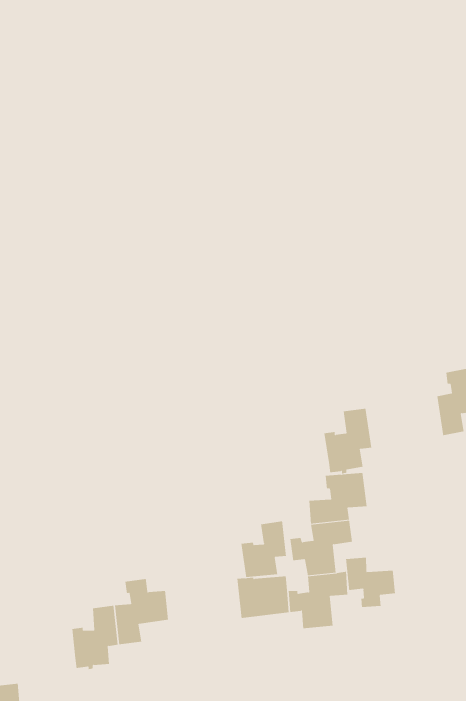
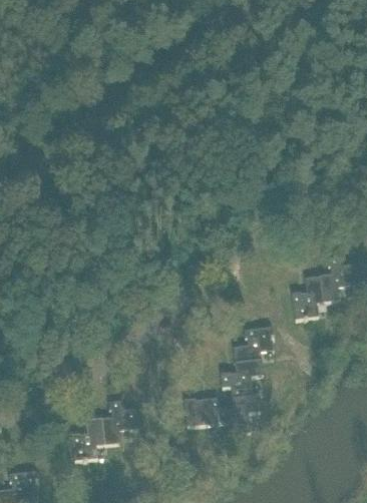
building: [324,408,372,474] -> [292,276,325,321]
building: [241,520,286,578] -> none
building: [346,557,396,608] -> none

